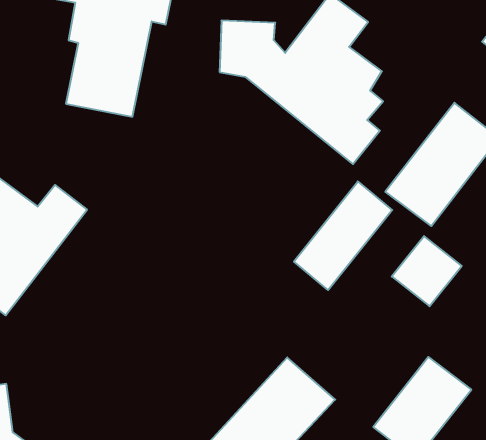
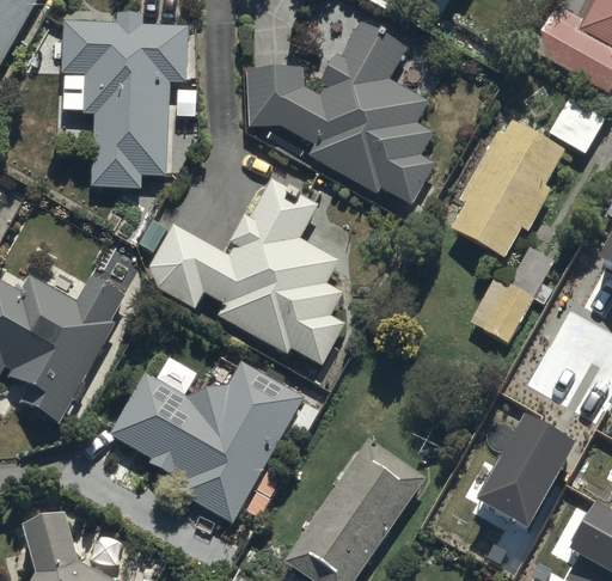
building: none -> [149,182,345,373]
building: [294,181,392,290] -> none
building: none -> [109,362,305,524]

